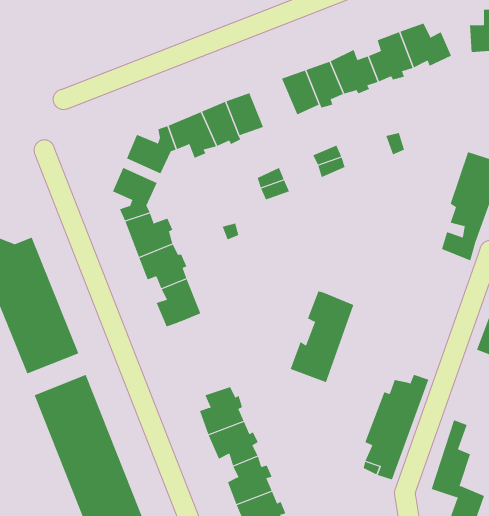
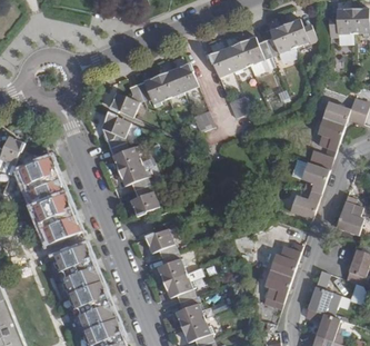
building: [290,291,354,383] -> [289,162,330,221]
building: none -> [144,227,177,257]

